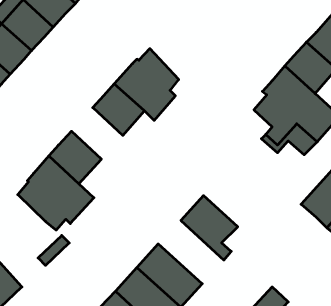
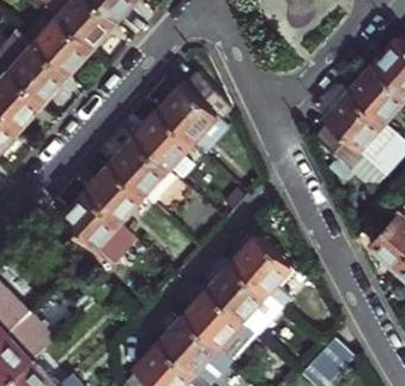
building: none -> [111,138,179,204]
building: none -> [208,264,282,334]

